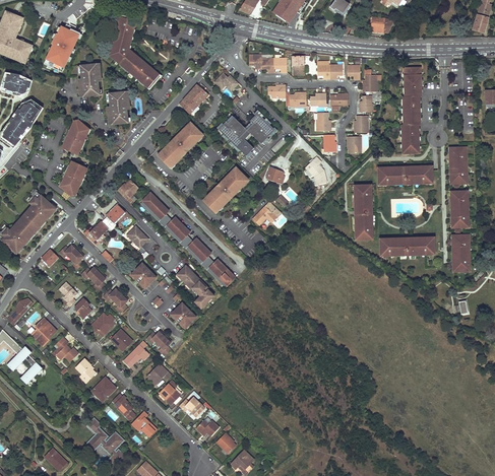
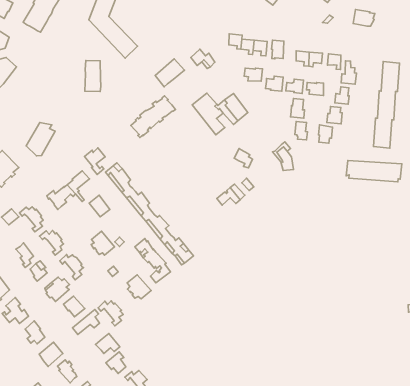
building: [81,65,99,97] -> none
building: [61,119,88,154] -> none
building: [205,165,248,210] -> none
building: [355,184,373,237] -> none
building: [380,236,435,254] -> none

